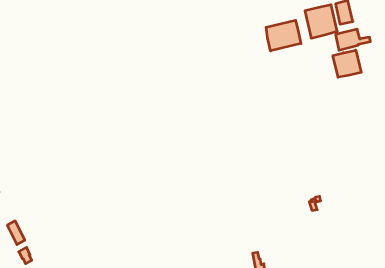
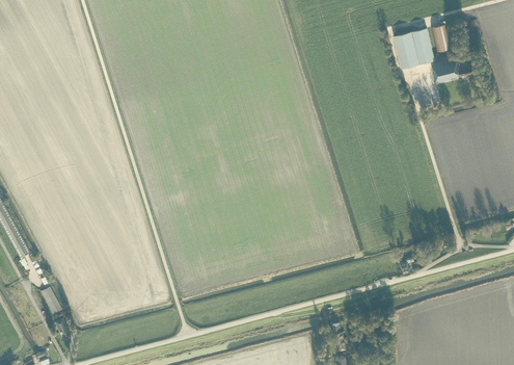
building: [266,20,301,51] -> none
building: [333,50,361,77] -> none

